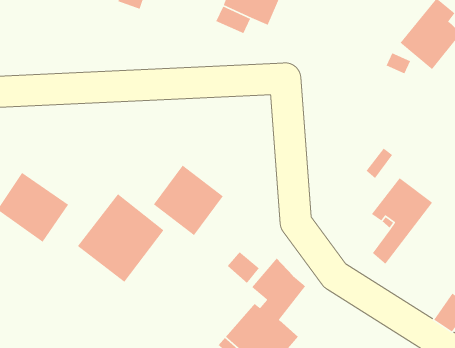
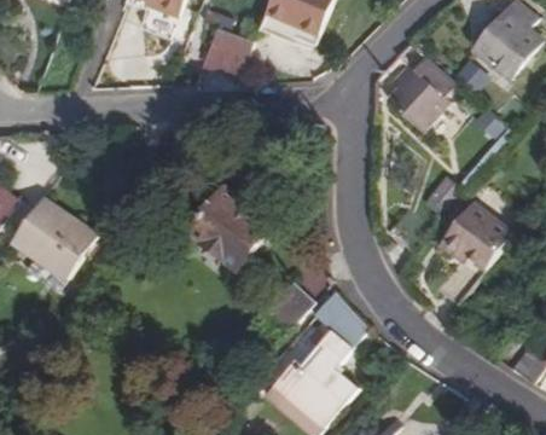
building: none -> [207,31,252,76]
building: none -> [384,50,455,129]
building: [77,193,164,283] -> none

